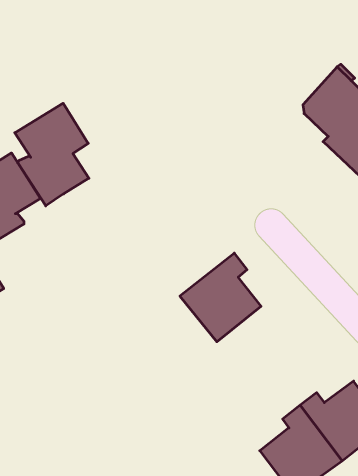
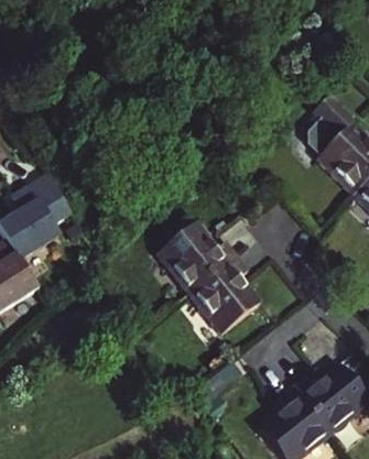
building: [15,103,89,206] -> none
building: none -> [160,222,239,294]

